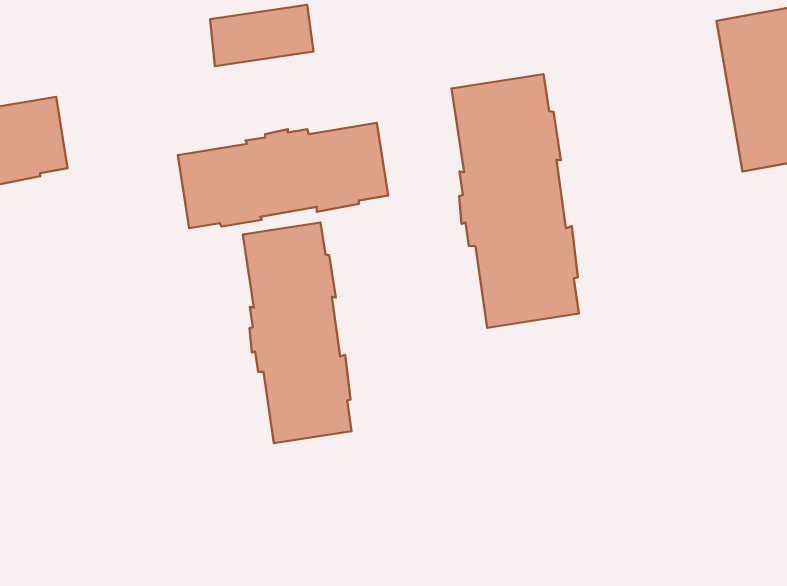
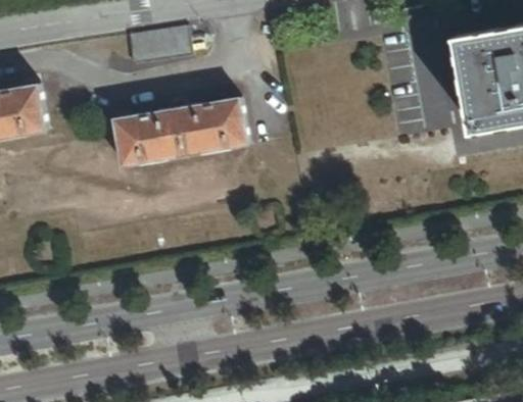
building: [452,74,579,328] -> none
building: [243,222,352,443] -> none

